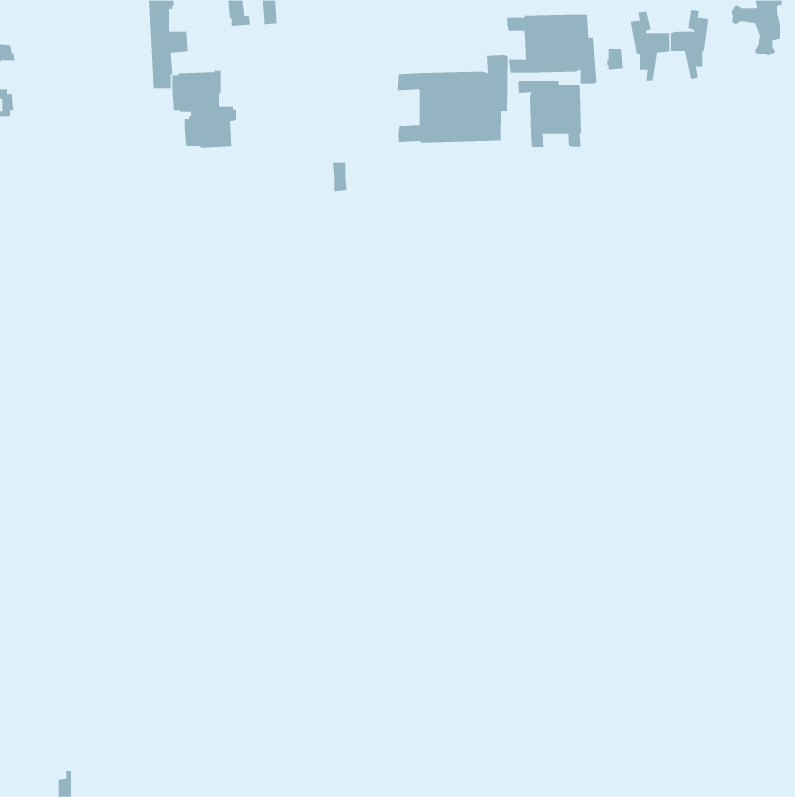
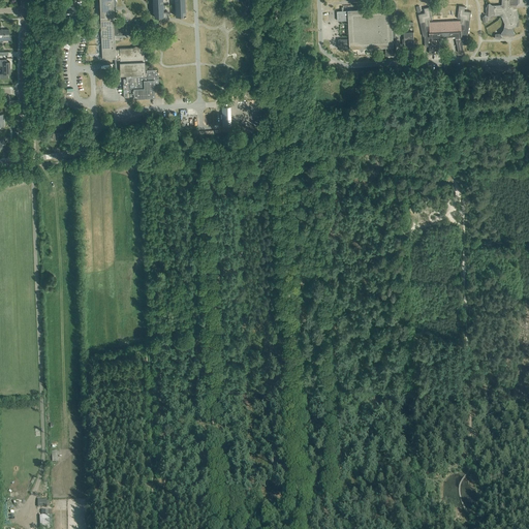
building: [397,54,508,144] -> none
building: [518,80,582,148] -> none

